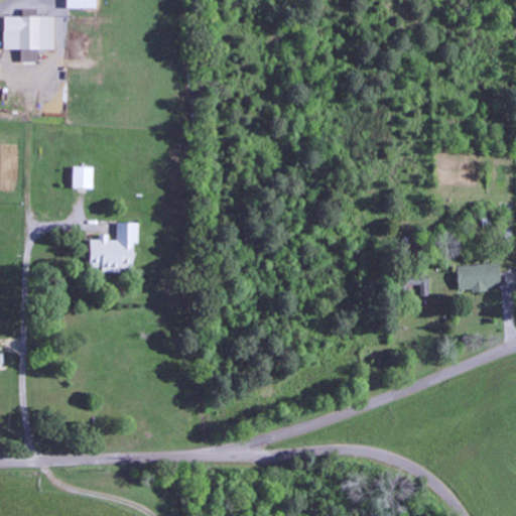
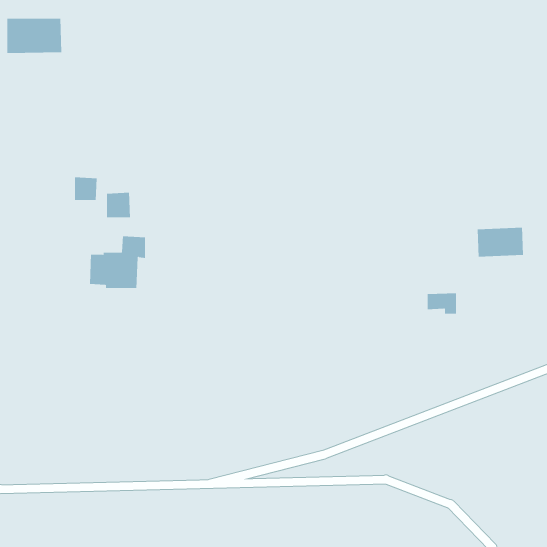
building: none -> [106,192,130,218]
building: [455,263,499,291] -> [477,227,524,257]

